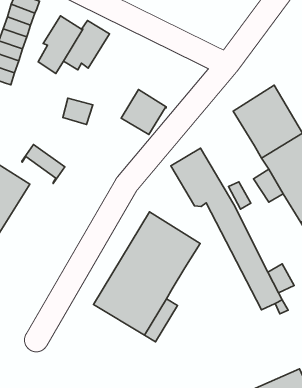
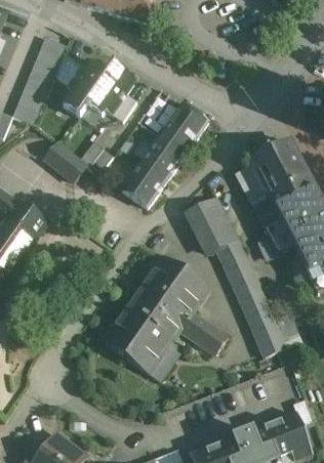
building: none -> [158,101,207,154]
building: none -> [235,164,267,205]
building: none -> [121,162,165,206]
building: [22,144,65,184] -> [44,141,85,180]
building: none -> [178,310,228,354]

